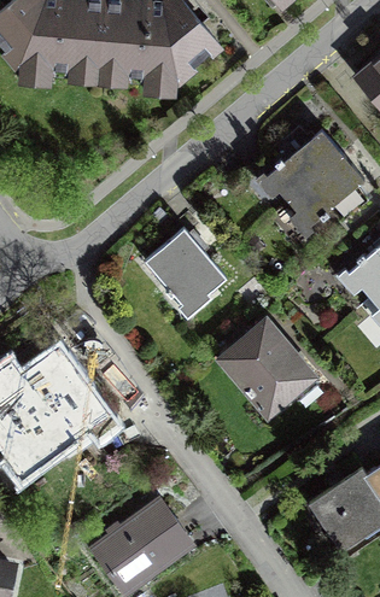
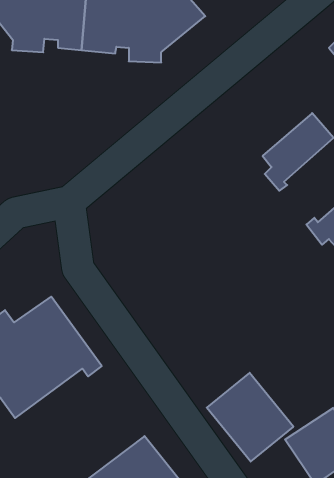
building: [255,127,339,195] -> none
building: [146,233,228,316] -> none
building: [227,321,320,416] -> [207,373,293,462]

